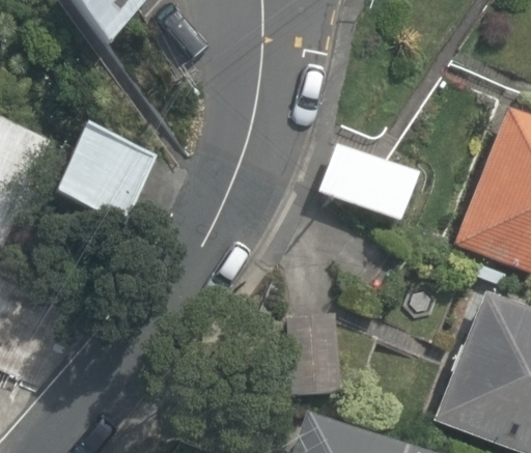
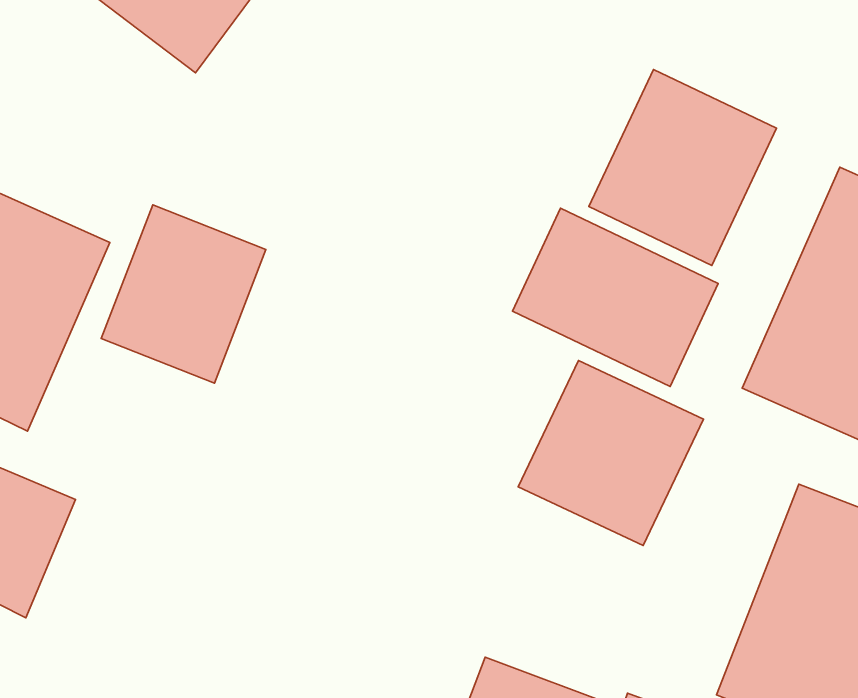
building: none -> [589,69,776,265]
building: none -> [518,361,703,545]

